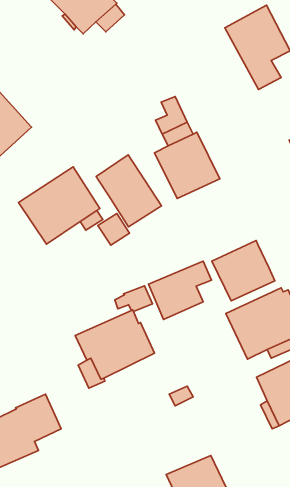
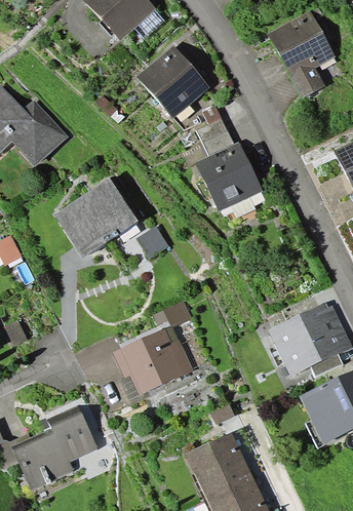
building: none -> [136,45,209,118]
building: [96,155,162,227] -> none
building: [212,241,275,301] -> none
building: [149,261,212,319] -> none
building: none -> [187,432,252,496]

